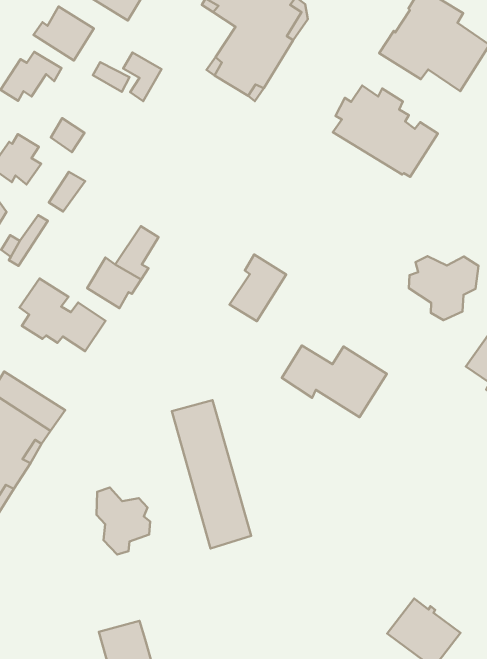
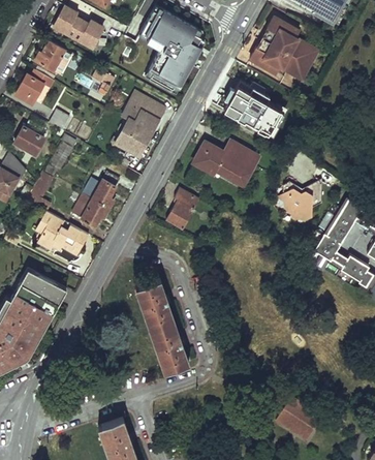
building: none -> [117,96,165,157]
building: [282,346,387,417] -> [193,143,258,186]
building: [96,488,150,554] -> none

